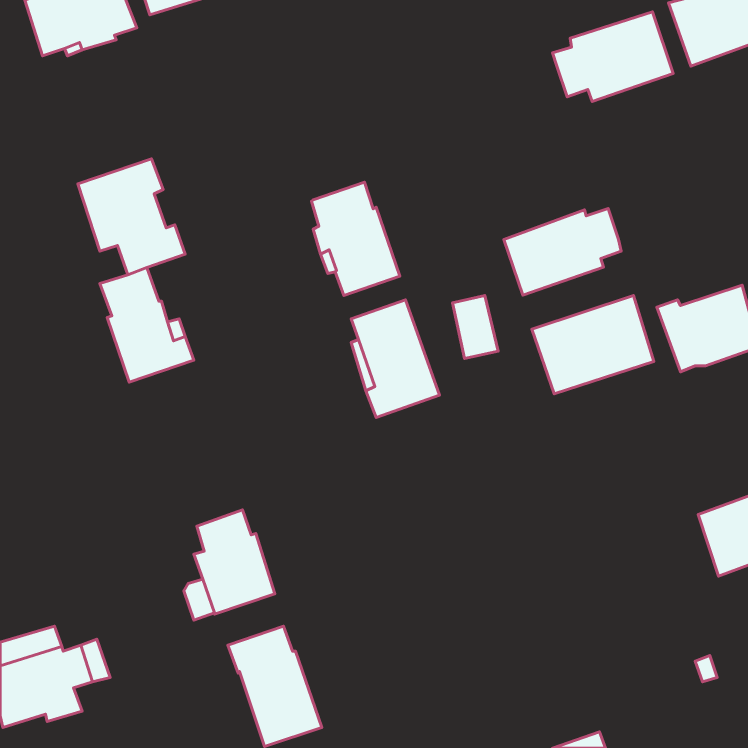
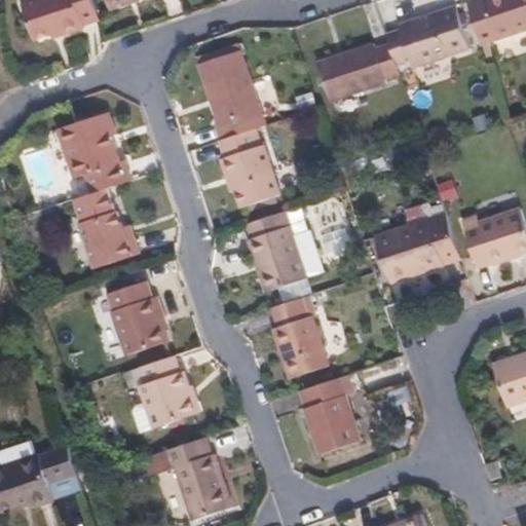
building: none -> [199,49,266,140]
building: [504,208,621,295] -> [318,46,401,107]
building: none -> [107,283,167,356]
building: none -> [271,299,330,380]
building: none -> [301,372,361,452]

